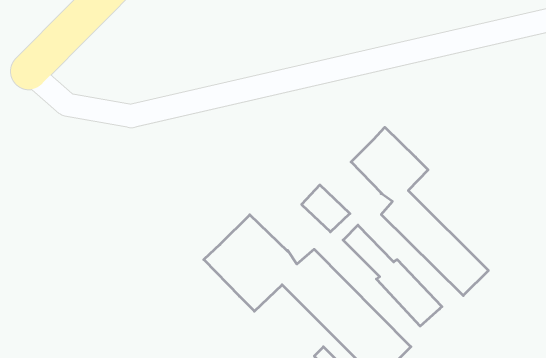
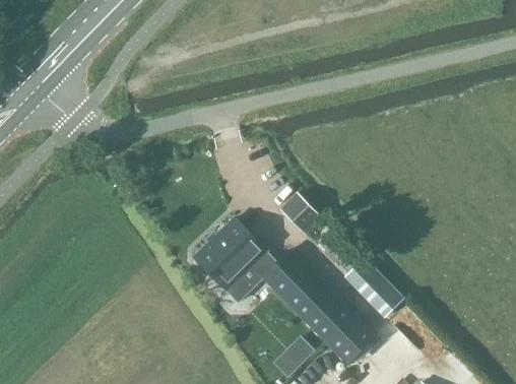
building: [351,127,488,296] -> none

